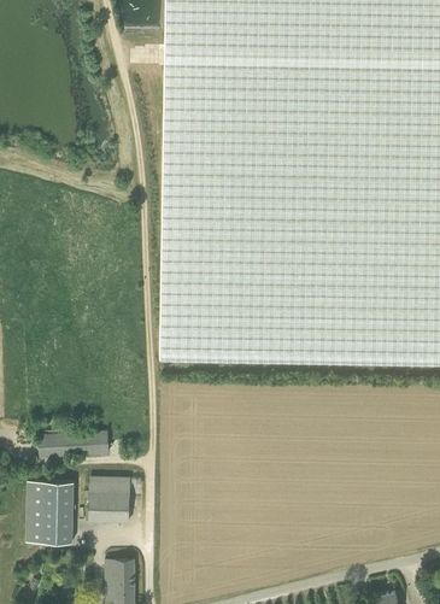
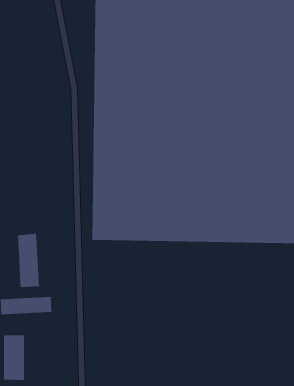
building: none -> [17,233,40,288]
building: [89,475,130,521] -> none

